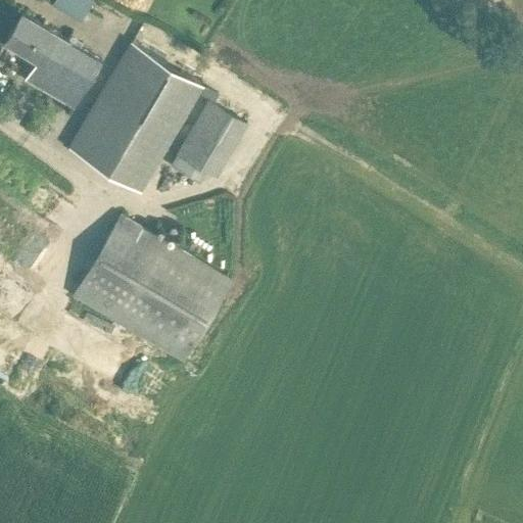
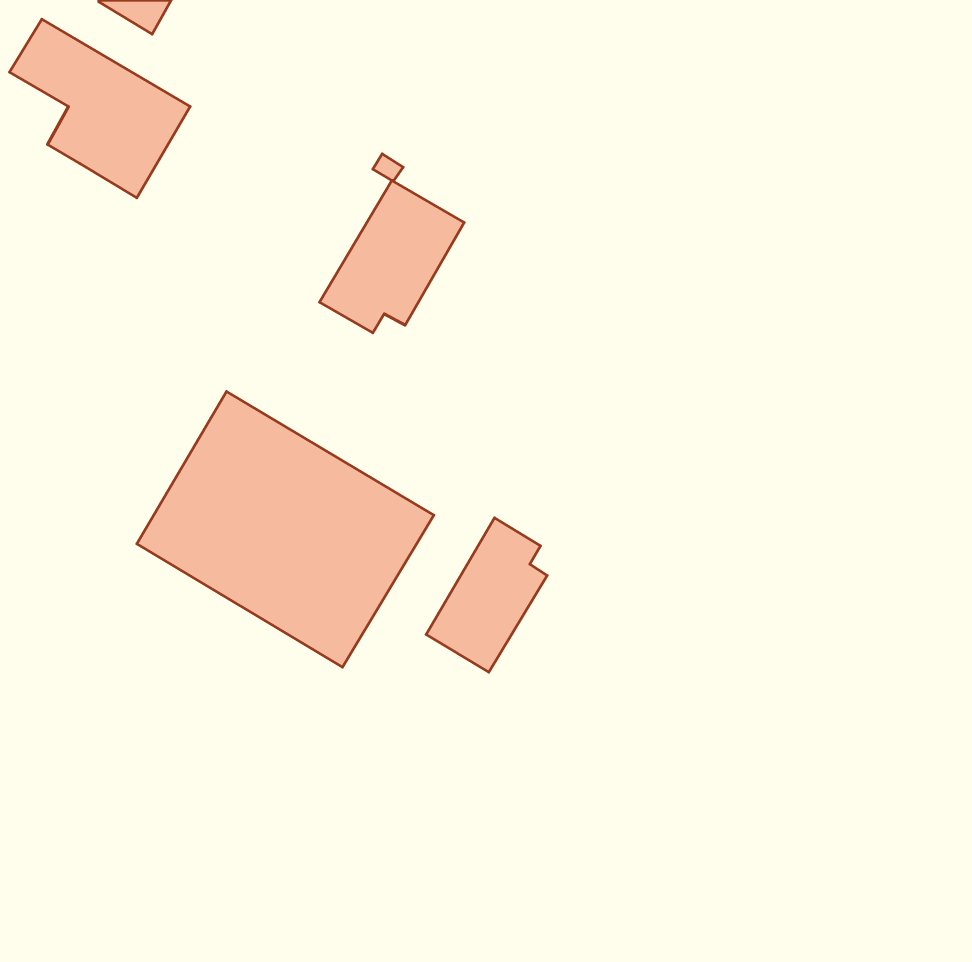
building: [69,43,200,189] -> none
building: none -> [426,518,547,672]

